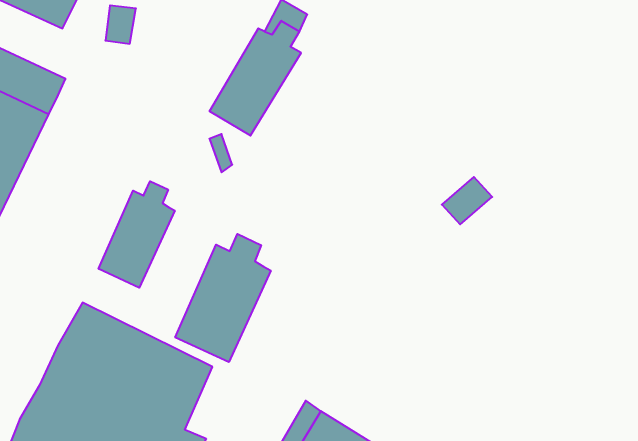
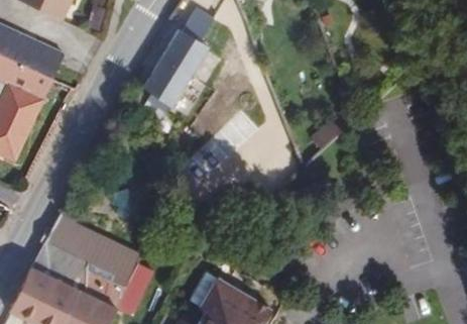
building: [99,181,175,288] -> none
building: [175,234,271,362] -> none

